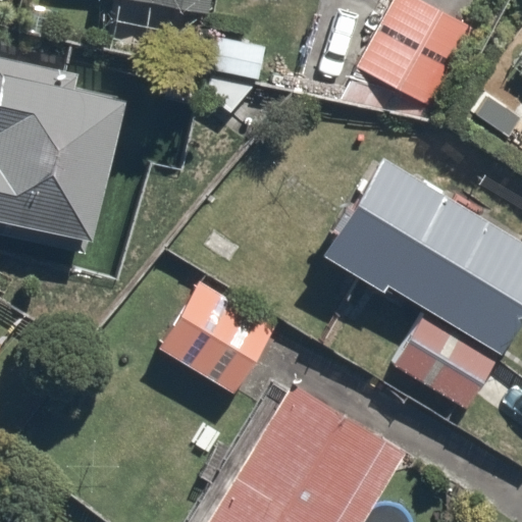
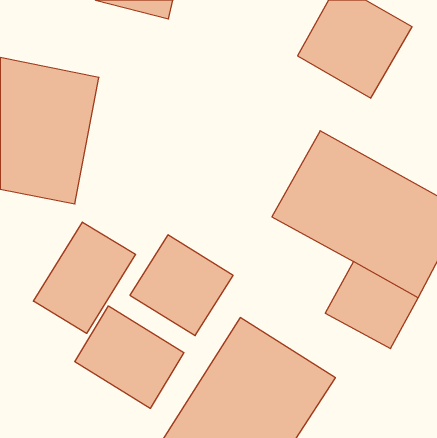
building: none -> [33,222,136,333]
building: none -> [75,306,184,408]

